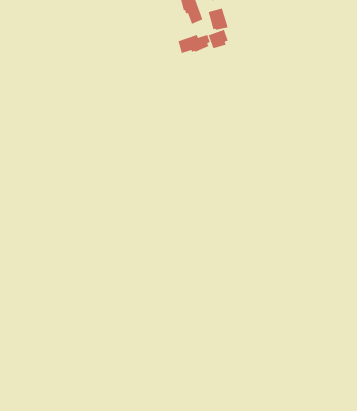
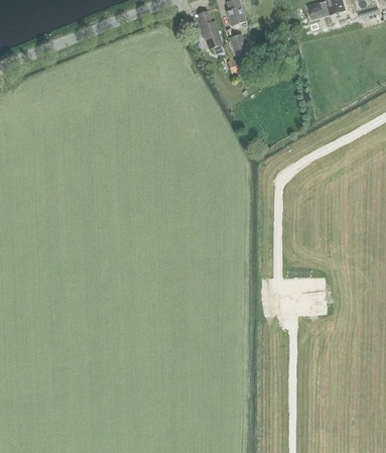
building: [178,34,210,54] -> none

